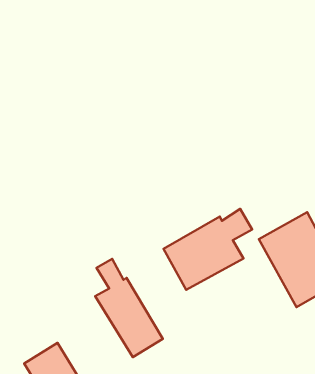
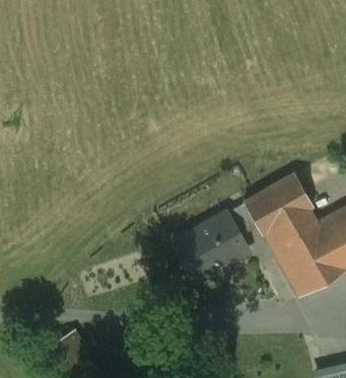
building: none -> [246,172,313,231]
building: [95,259,163,357] -> none

